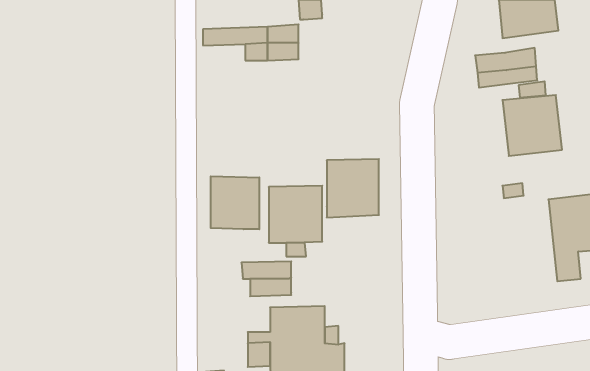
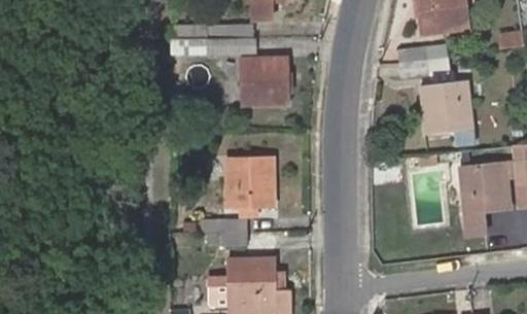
building: [327,159,379,217] -> [244,57,287,105]
building: [211,176,259,229] -> none

